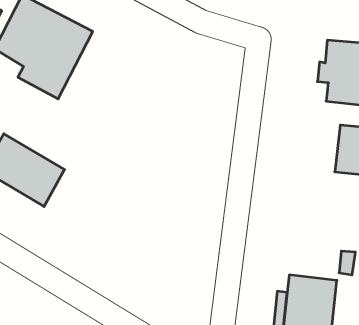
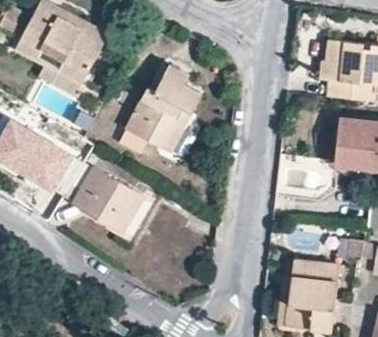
building: none -> [125,64,204,150]
building: none -> [63,162,143,231]

